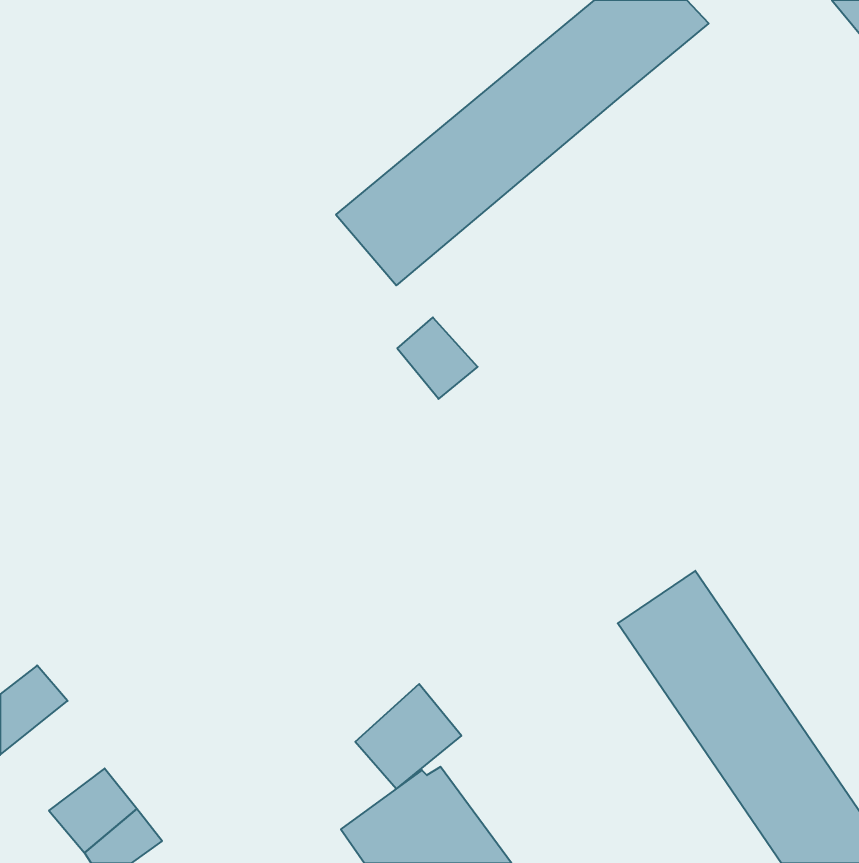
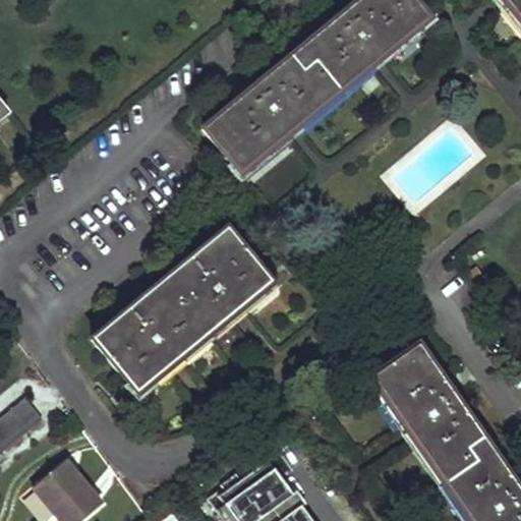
building: [397,317,478,399] -> none
building: none -> [95,227,271,391]
building: [355,684,461,789] -> none

